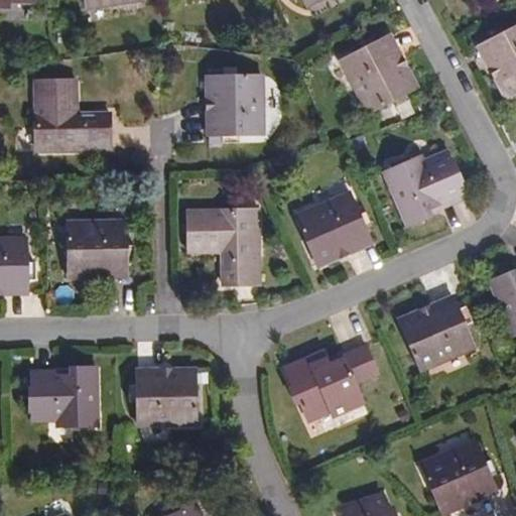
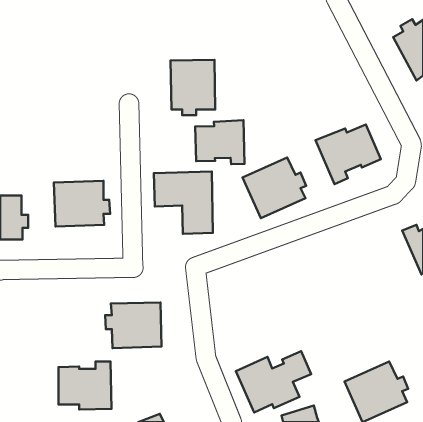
building: [342,34,416,112] -> none
building: [34,79,110,150] -> none
building: none -> [195,120,244,164]
building: [398,295,474,368] -> none
building: [286,347,378,421] -> [236,351,311,412]
building: [32,366,97,424] -> [58,361,111,410]

